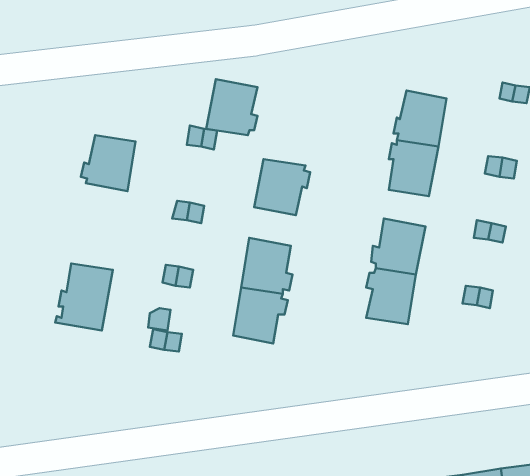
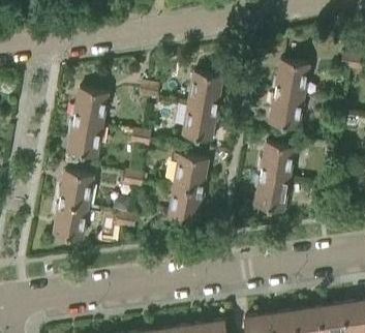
building: [206,79,258,135] -> [189,71,222,108]
building: none -> [68,119,101,156]
building: none -> [54,209,85,239]

